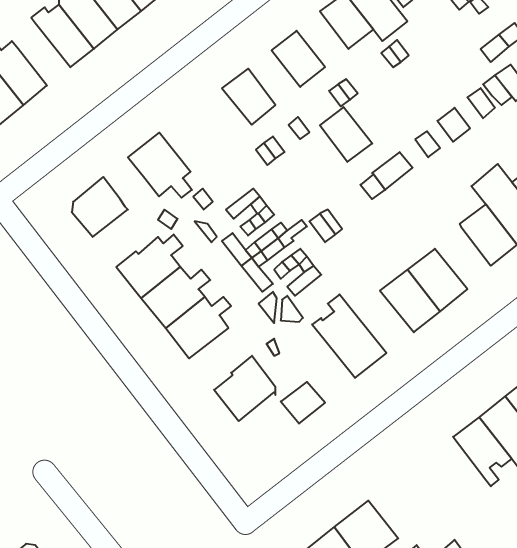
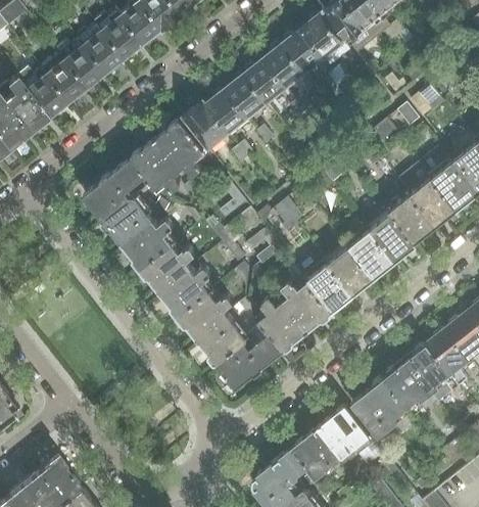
building: none -> [262,44,303,88]
building: none -> [45,53,86,102]
building: none -> [183,101,228,148]
building: [320,107,372,162] -> [225,75,266,118]
building: none -> [155,120,204,174]
building: none -> [111,158,144,191]
building: none -> [103,197,154,244]
building: none -> [371,213,417,262]
building: none -> [307,263,354,312]
building: none -> [179,292,233,340]
building: none -> [259,296,308,351]
building: none -> [218,342,265,386]
building: none -> [351,377,411,437]
building: none -> [319,406,369,457]

